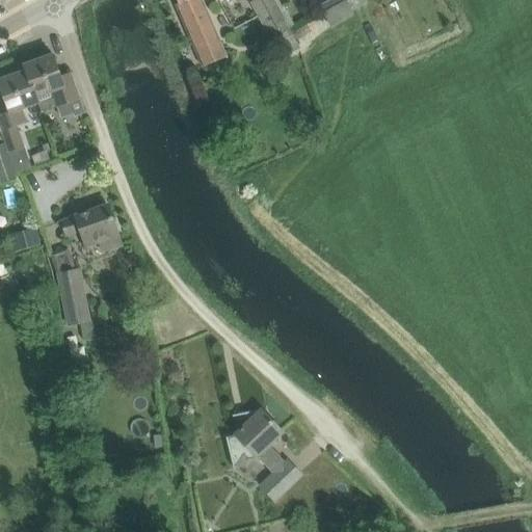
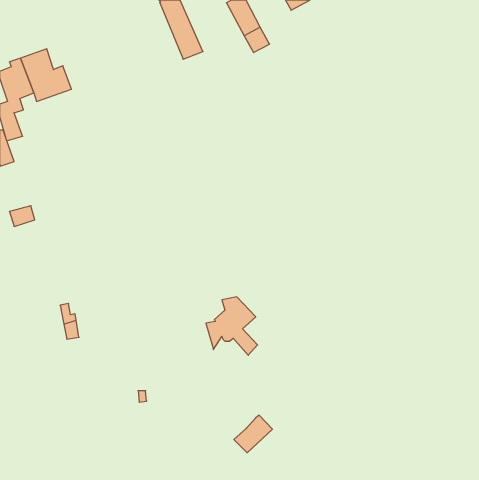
building: [60,205,121,247] -> none
building: [49,246,87,324] -> none
building: [225,409,283,474] -> [206,297,258,355]

